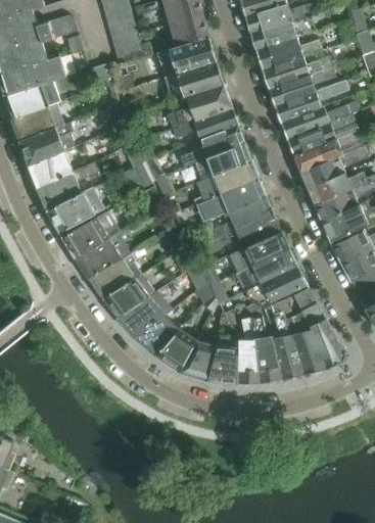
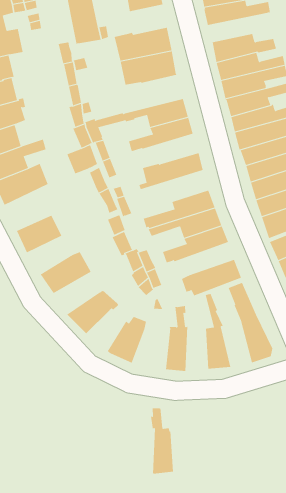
building: [250,14,317,49] -> none
building: [171,15,210,48] -> none
building: [168,85,233,129] -> none
building: [195,143,253,177] -> none
building: [197,179,267,222] -> none
building: [62,211,120,256] -> none
building: [238,249,298,290] -> none
building: [88,252,142,298] -> none
building: [119,291,171,336] -> none
building: [285,312,325,375] -> none
building: [252,316,281,383] -> [150,408,174,474]
building: [155,327,194,370] -> none
building: [204,336,239,383] -> none

